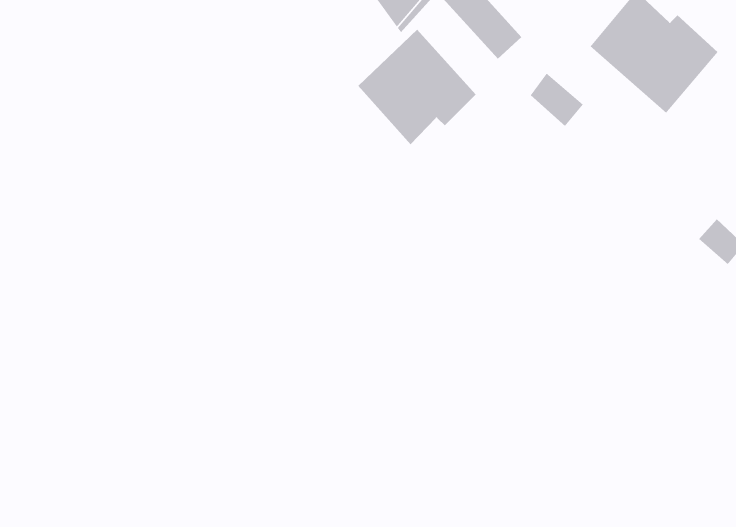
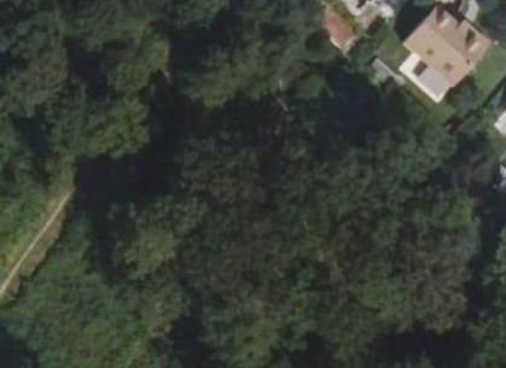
building: [357,29,476,145] -> none

